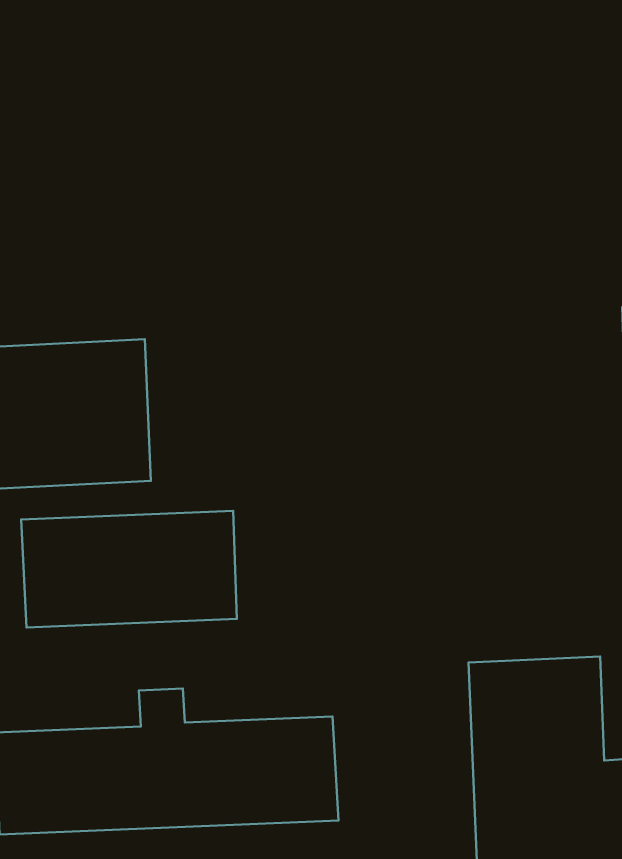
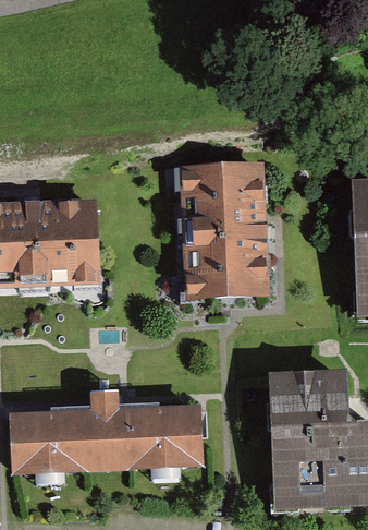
building: none -> [183,166,263,293]
building: [21,511,237,627] -> none

